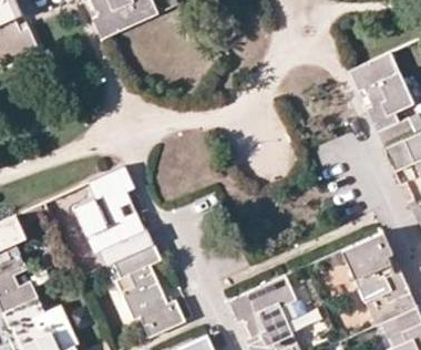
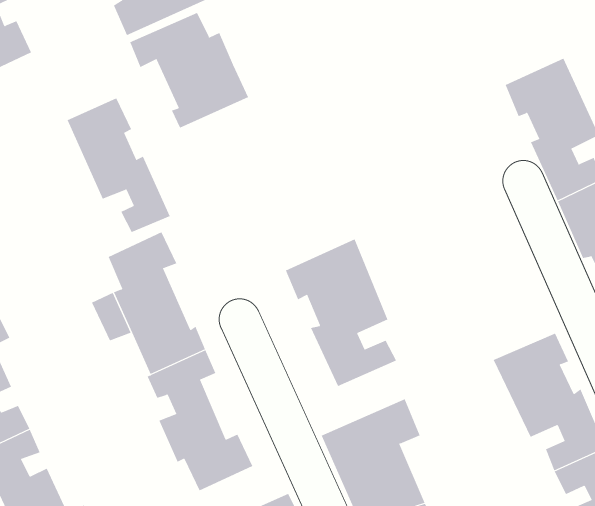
building: none -> [130,12,249,128]
building: none -> [67,97,171,233]
building: none -> [285,239,397,387]

